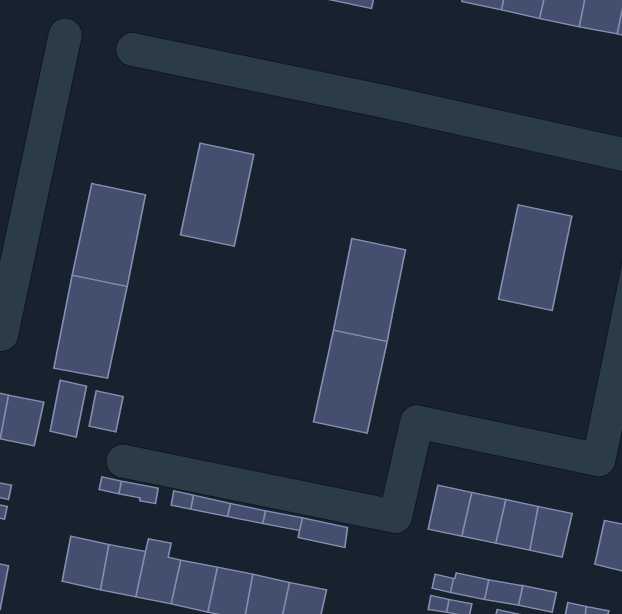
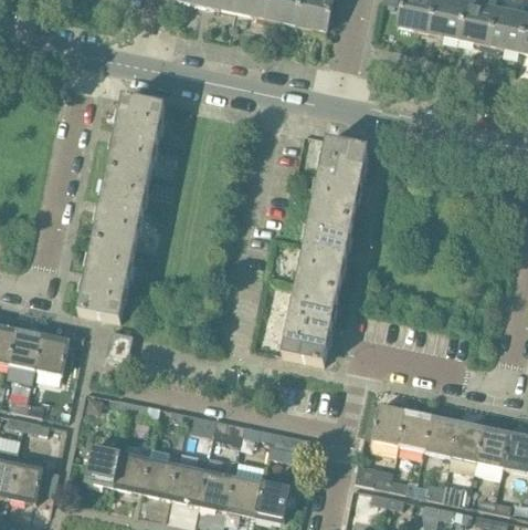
building: [181,143,254,246] -> [107,96,165,177]
building: [498,205,572,311] -> [310,137,368,220]
building: [50,380,86,437] -> none
building: none -> [475,427,508,467]

